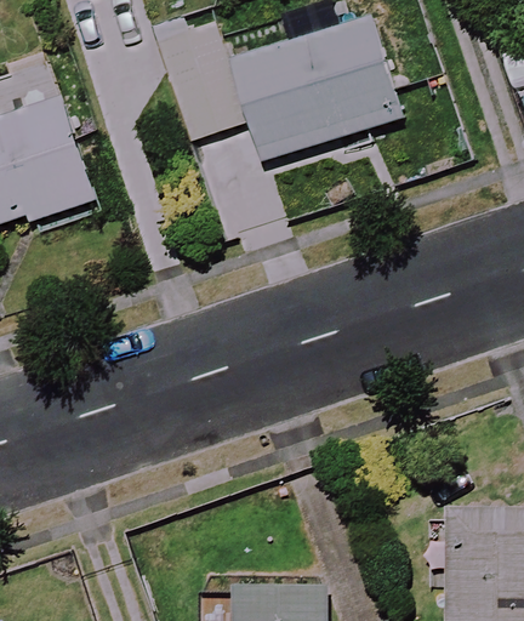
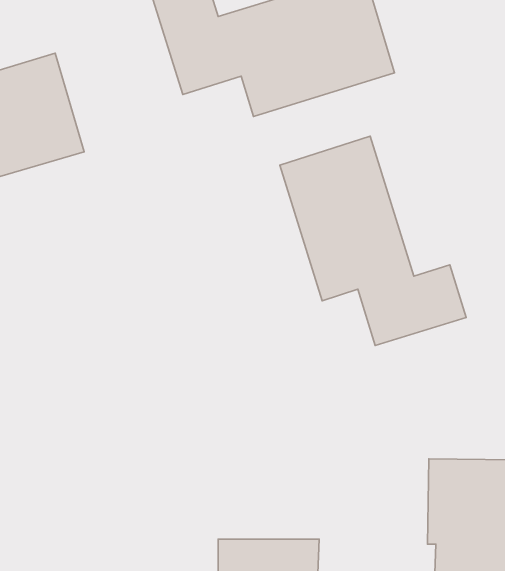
building: none -> [280,136,466,345]

